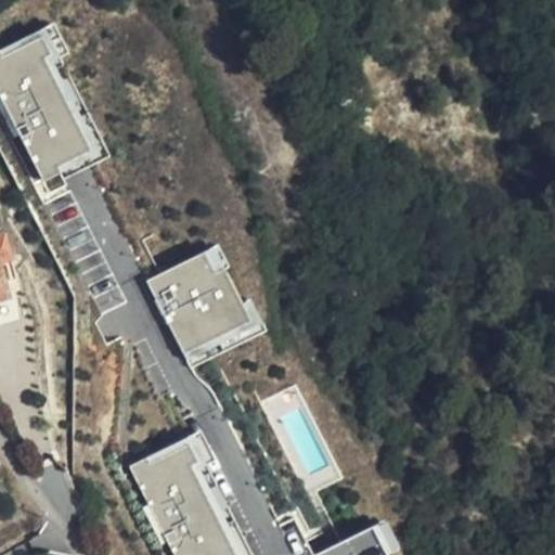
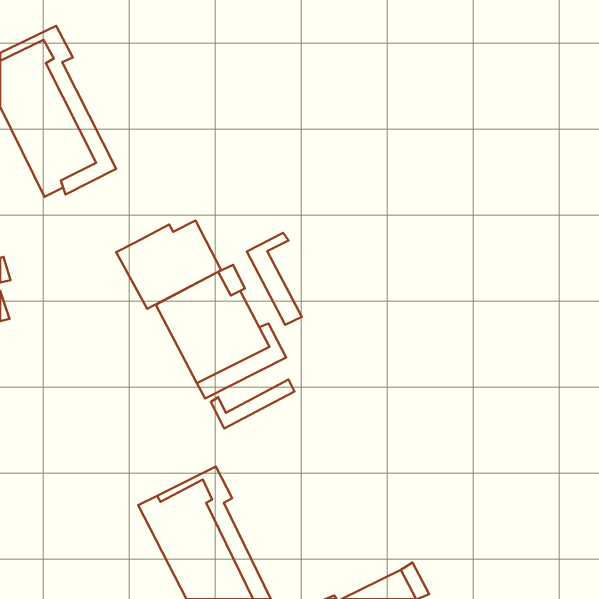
building: none -> [116,221,221,309]
building: none -> [247,233,302,325]
building: none -> [211,380,294,428]

